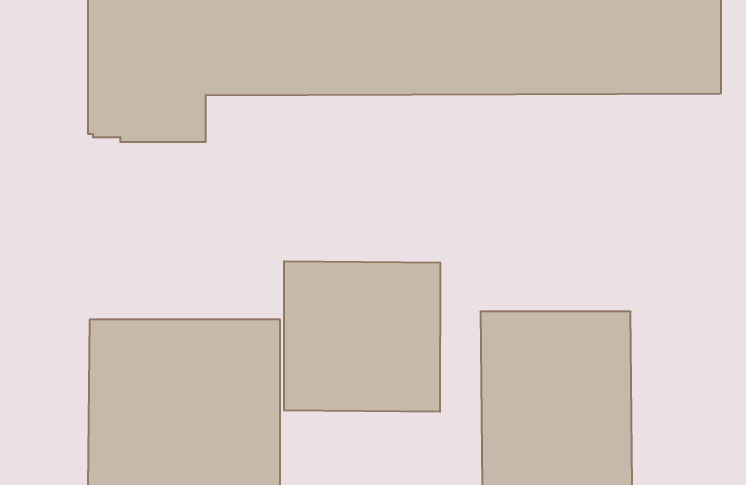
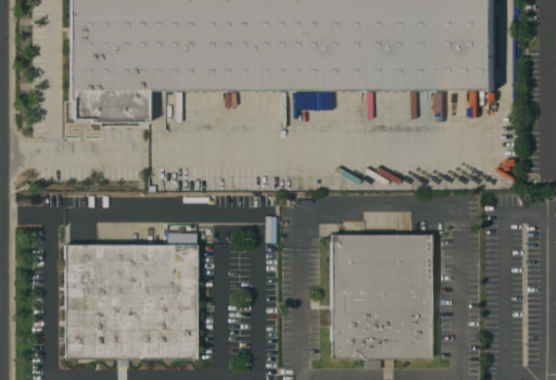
building: [284,261,440,412] -> none

